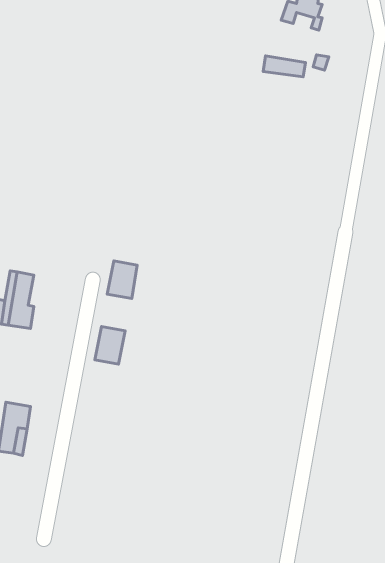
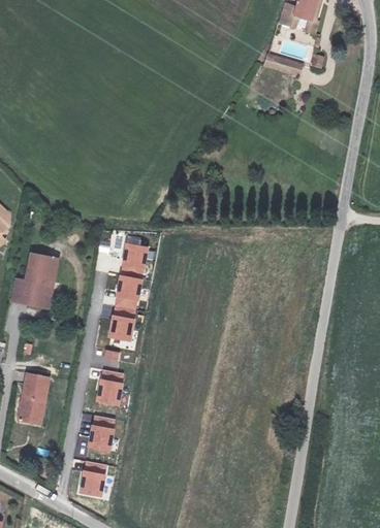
building: none -> [115,274,142,308]
building: none -> [97,369,126,404]
building: none -> [90,416,116,450]
building: none -> [80,461,106,497]

